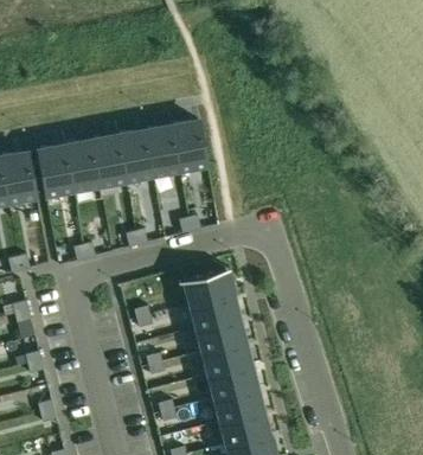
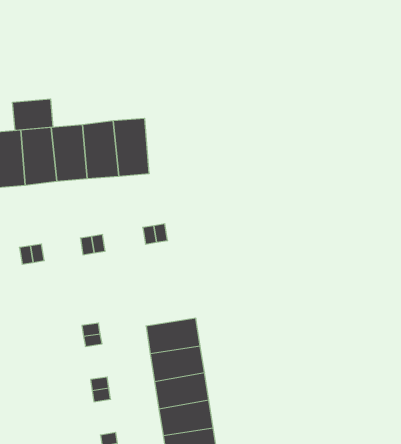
building: none -> [13,99,53,131]
building: [172,120,207,172] -> none
building: [182,269,232,305] -> none

